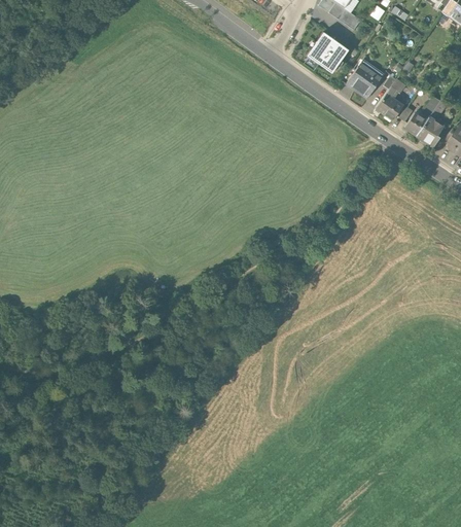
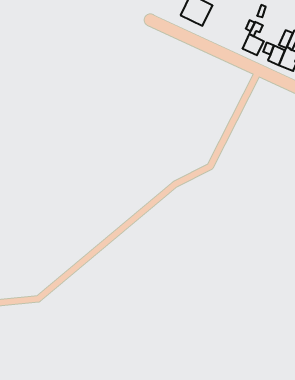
building: [347,61,384,99] -> none

